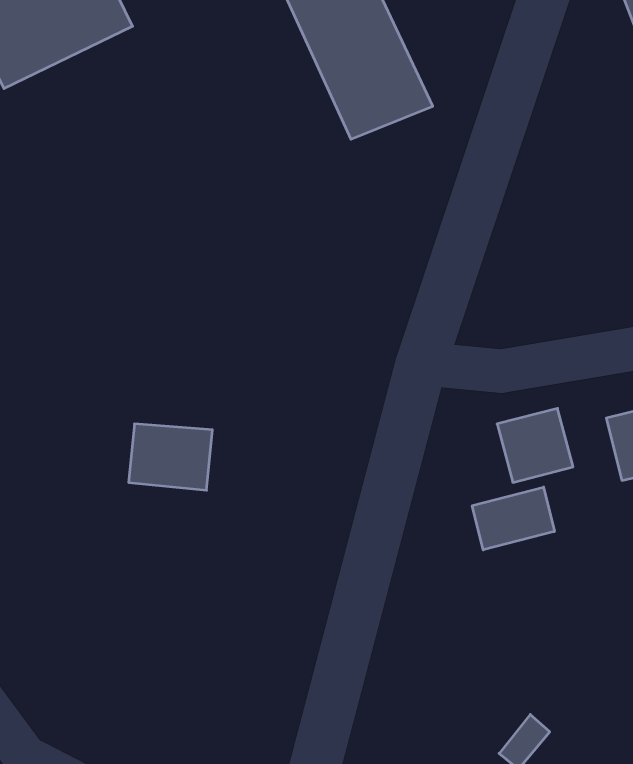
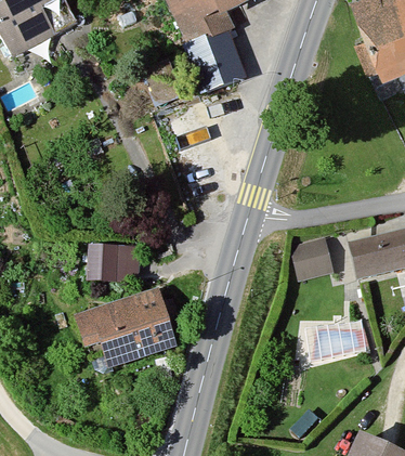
building: [472,487,554,550] -> none
building: none -> [73,290,177,369]

